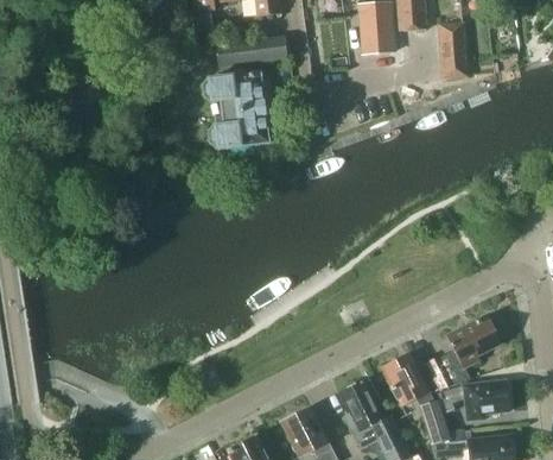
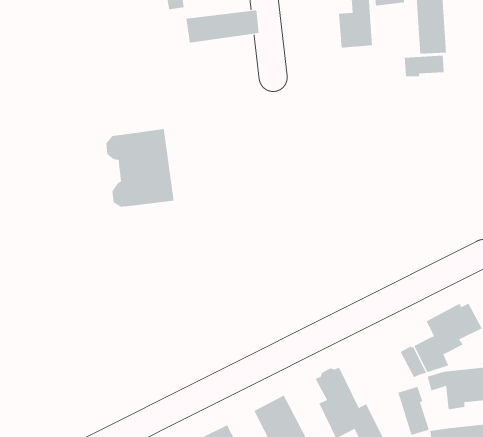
building: [203,73,269,149] -> [105,128,174,207]
building: none -> [400,55,444,77]
building: [381,354,431,408] -> none

